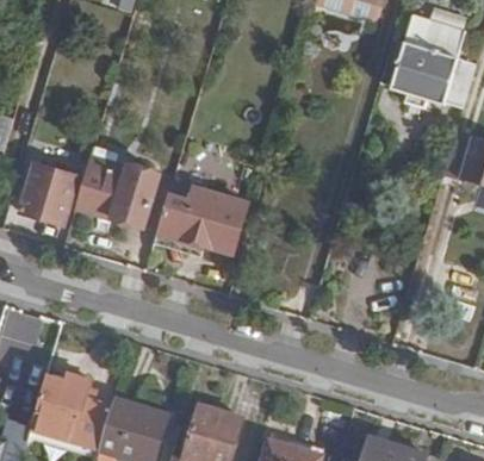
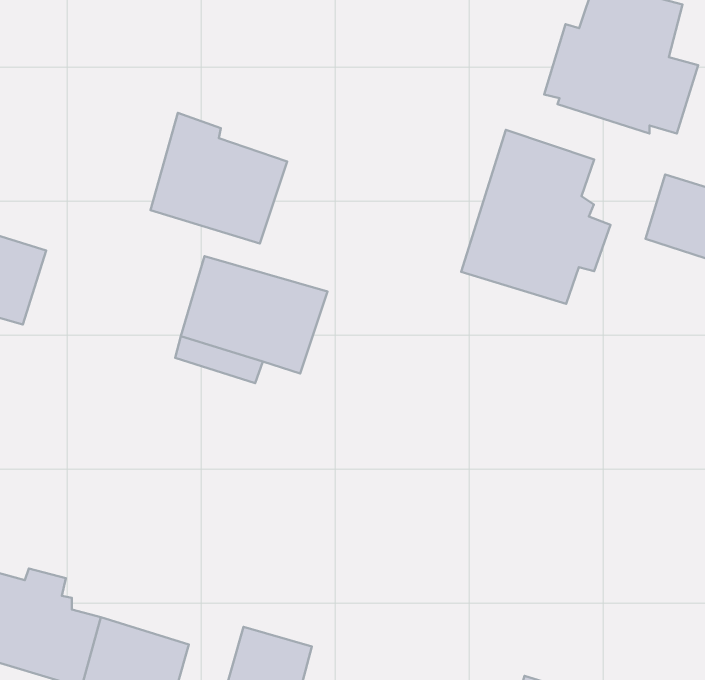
building: none -> [461,130,610,304]
building: [76,145,160,225] -> [151,113,287,243]

